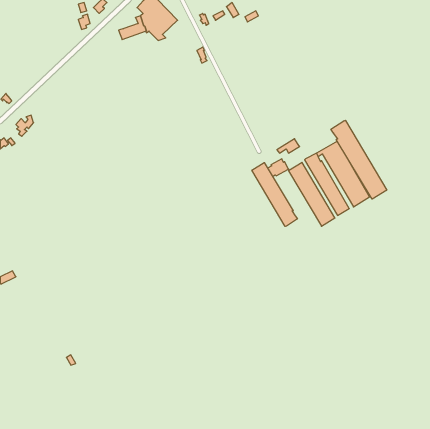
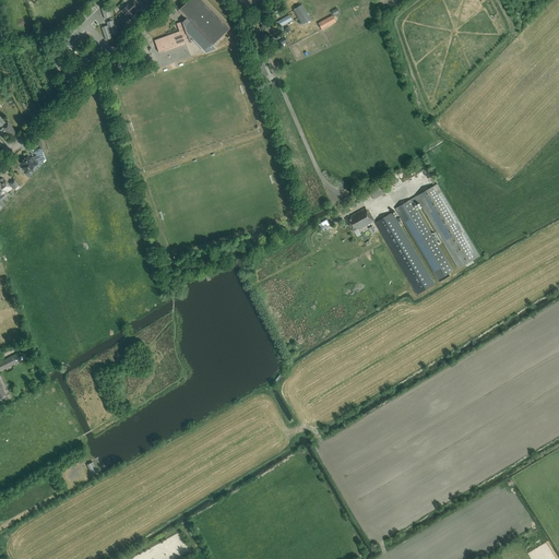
building: [331,120,387,199] -> none
building: [252,163,297,226] -> none

